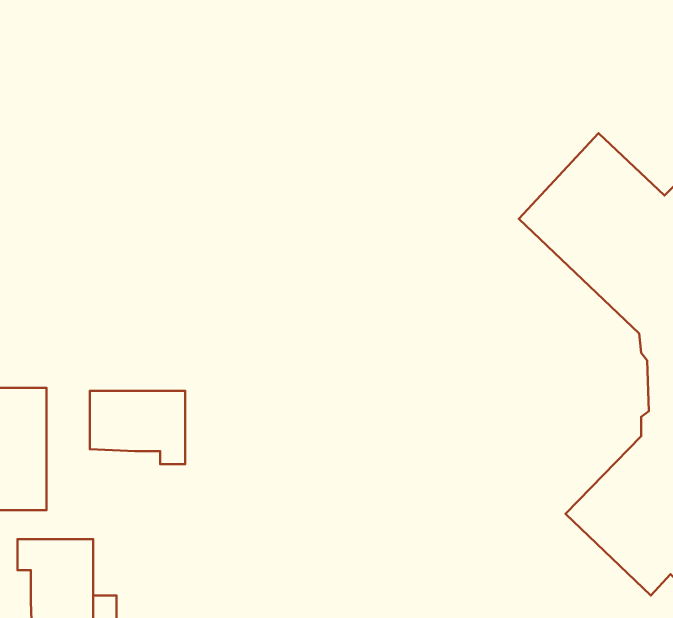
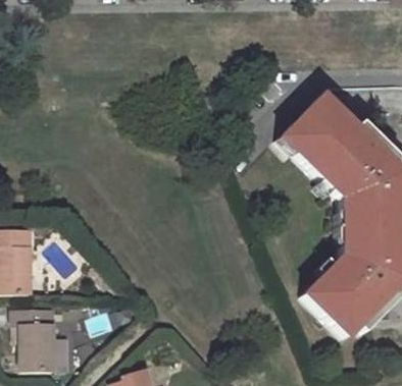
building: [90,391,185,464] -> none

